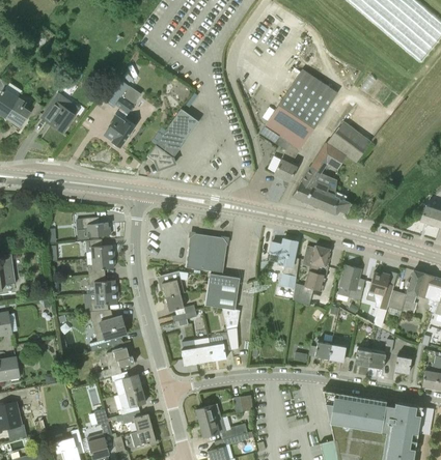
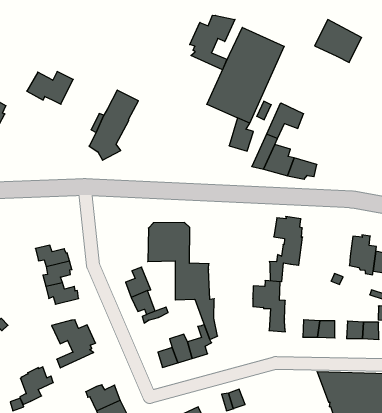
building: none -> [190,15,235,70]
building: [104,109,135,147] -> none
building: [327,121,370,163] -> [315,20,362,62]
building: [82,218,111,236] -> none
building: [269,238,299,287] -> [253,281,285,332]
building: [337,264,362,300] -> none
building: [86,291,118,312] -> none
building: [102,347,134,378] -> [20,367,53,404]

